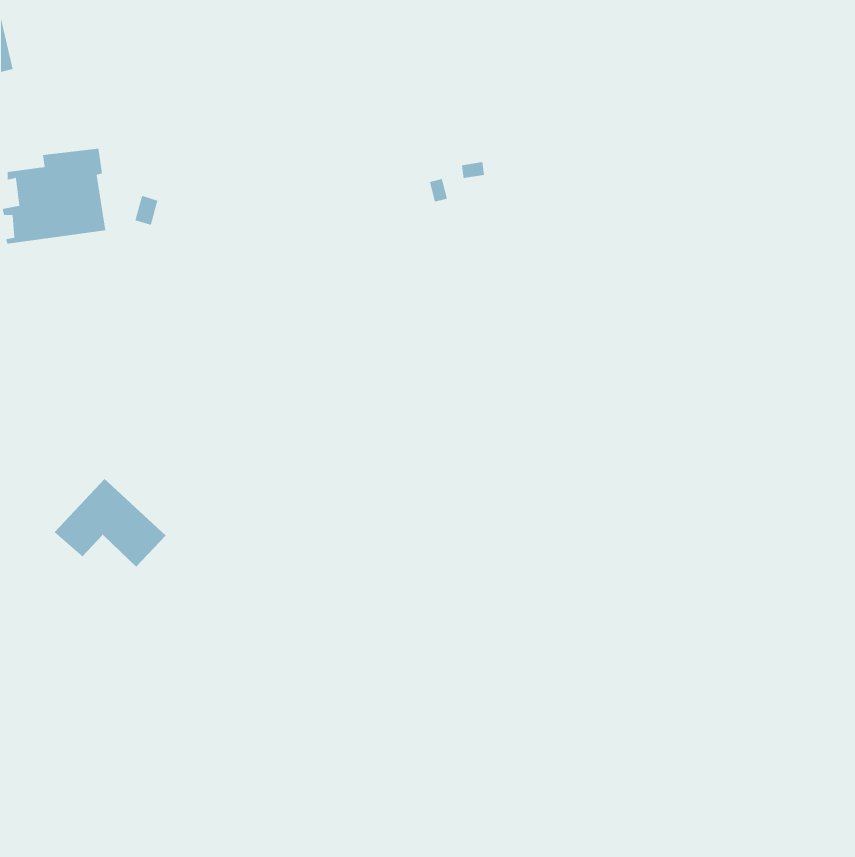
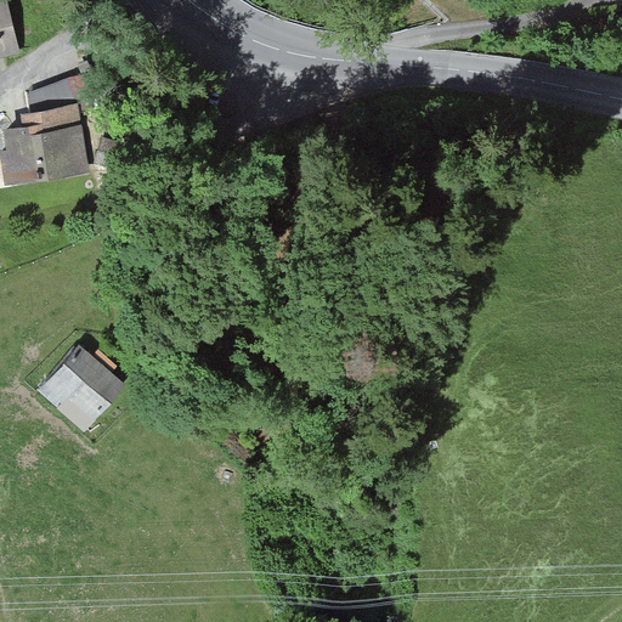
building: none -> [32,80,81,114]

